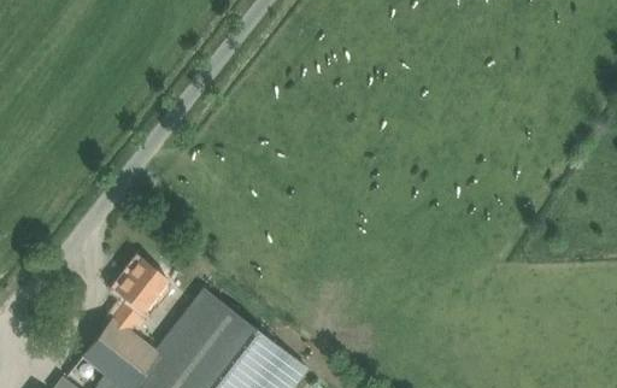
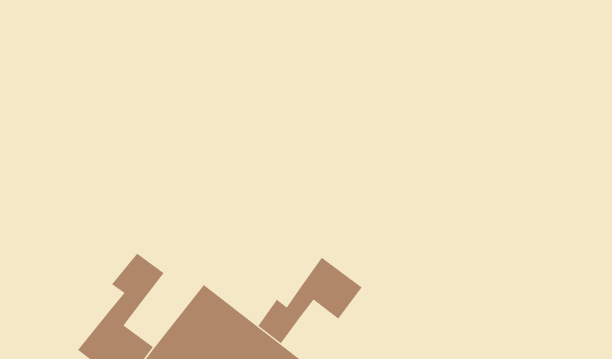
building: none -> [258,257,363,344]

